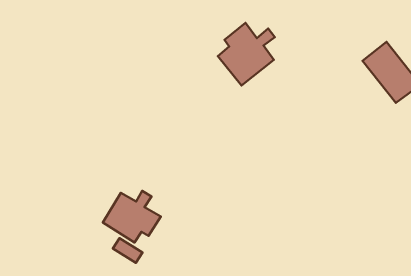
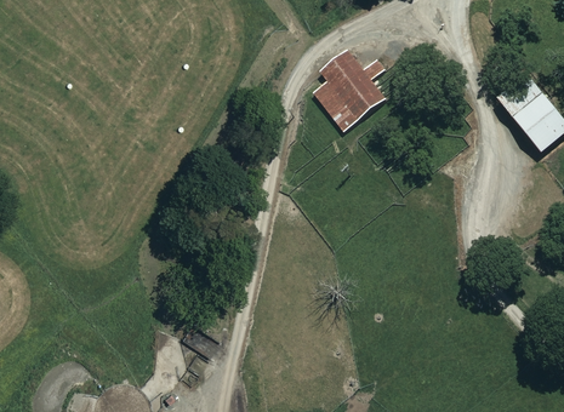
building: [103,191,161,242] -> none

